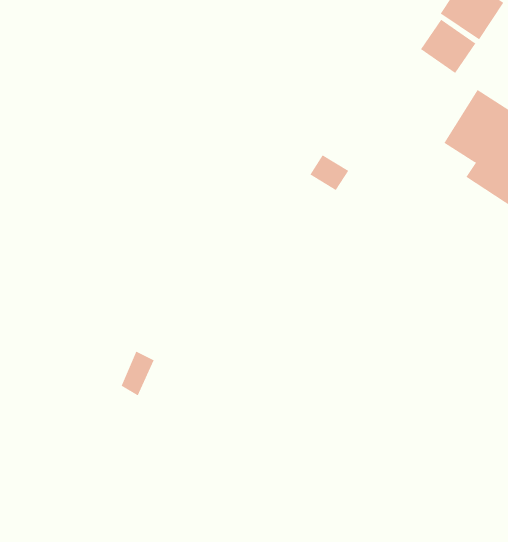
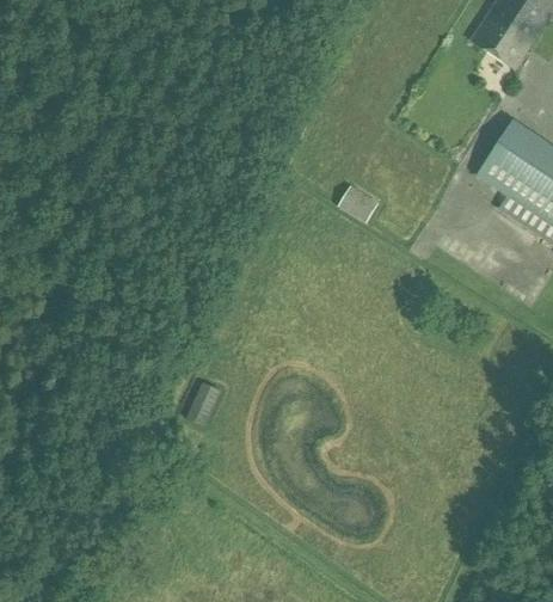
building: [420,19,476,74] -> none
building: [121,351,155,396] -> [188,379,222,425]

